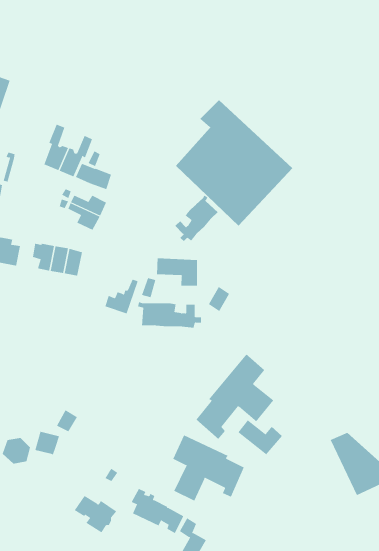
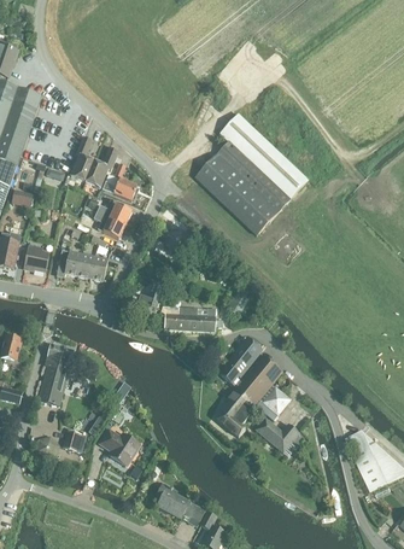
building: [175,195,219,242] -> none
building: [157,257,198,287] -> none
building: none -> [218,339,260,385]
building: none -> [37,344,75,405]
building: [173,434,245,501] -> none
building: [74,495,117,533] -> [99,430,140,466]

